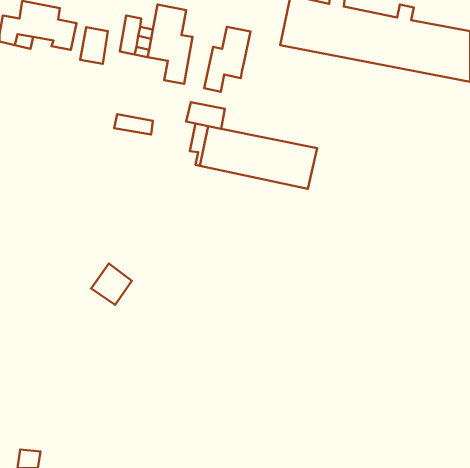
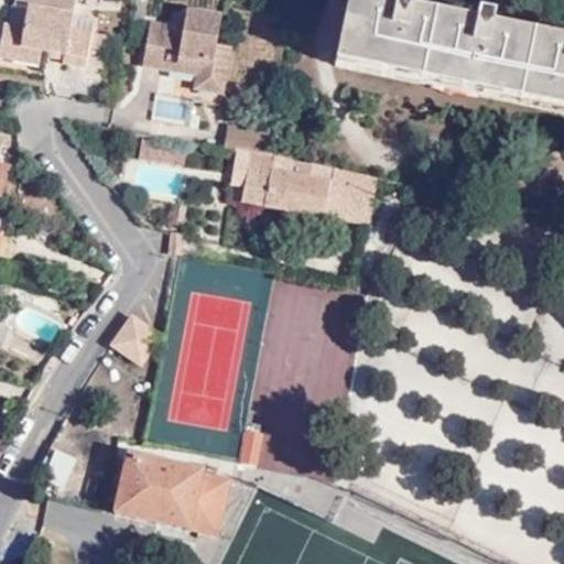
building: [204,27,250,92] -> none
building: [80,27,108,64] -> none
building: none -> [113,455,228,534]

